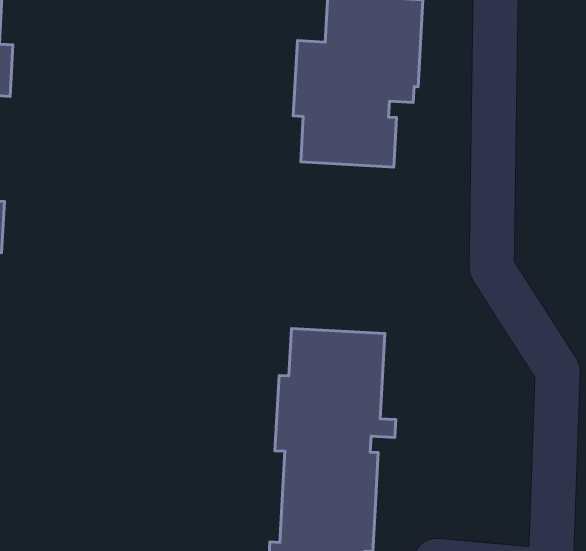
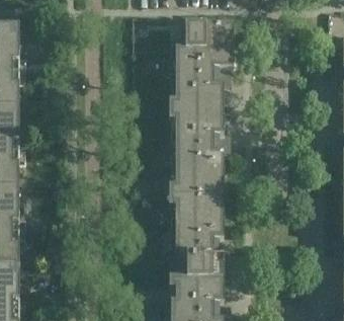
building: none -> [170,106,231,191]

